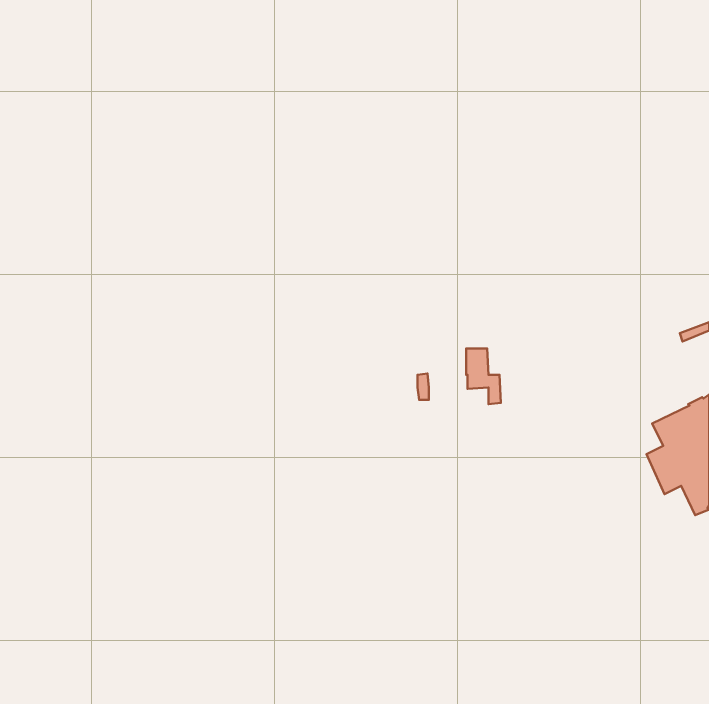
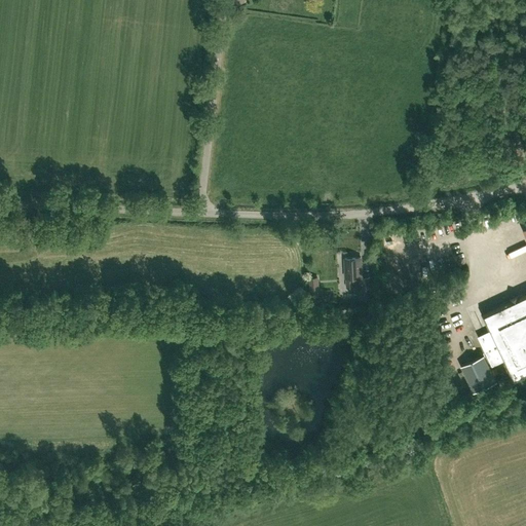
building: none -> [462,359,496,396]

